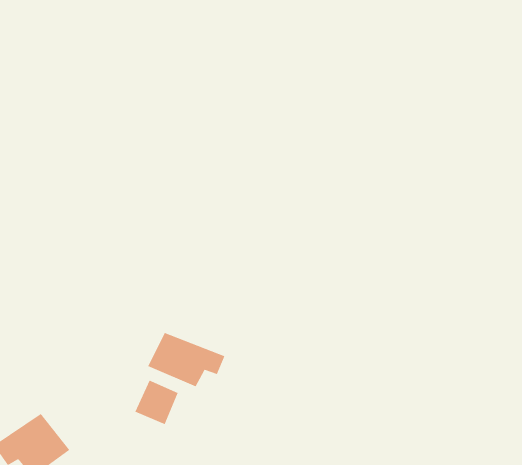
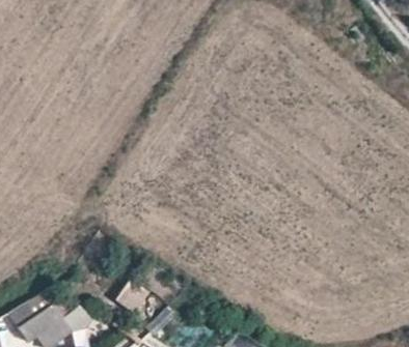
building: [147,332,225,387] -> none

